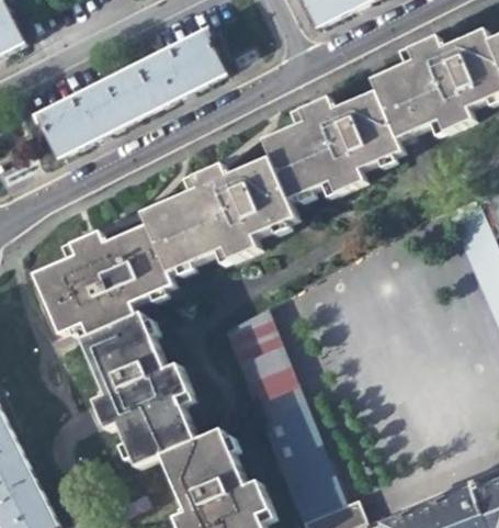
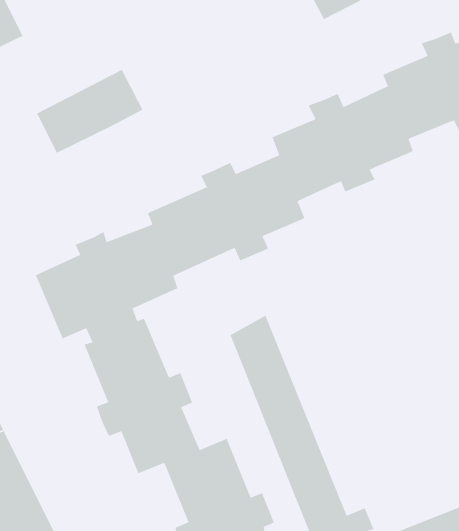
building: [122,30,227,112] -> none

